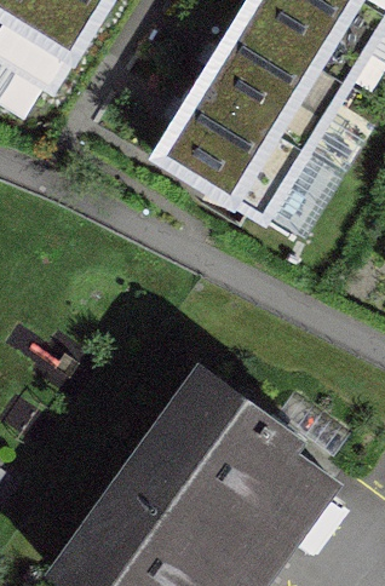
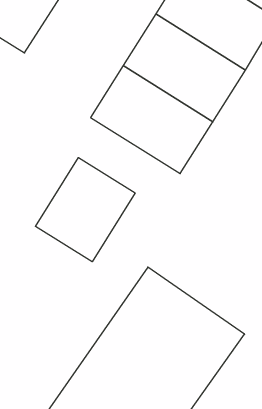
building: none -> [35,158,135,262]

